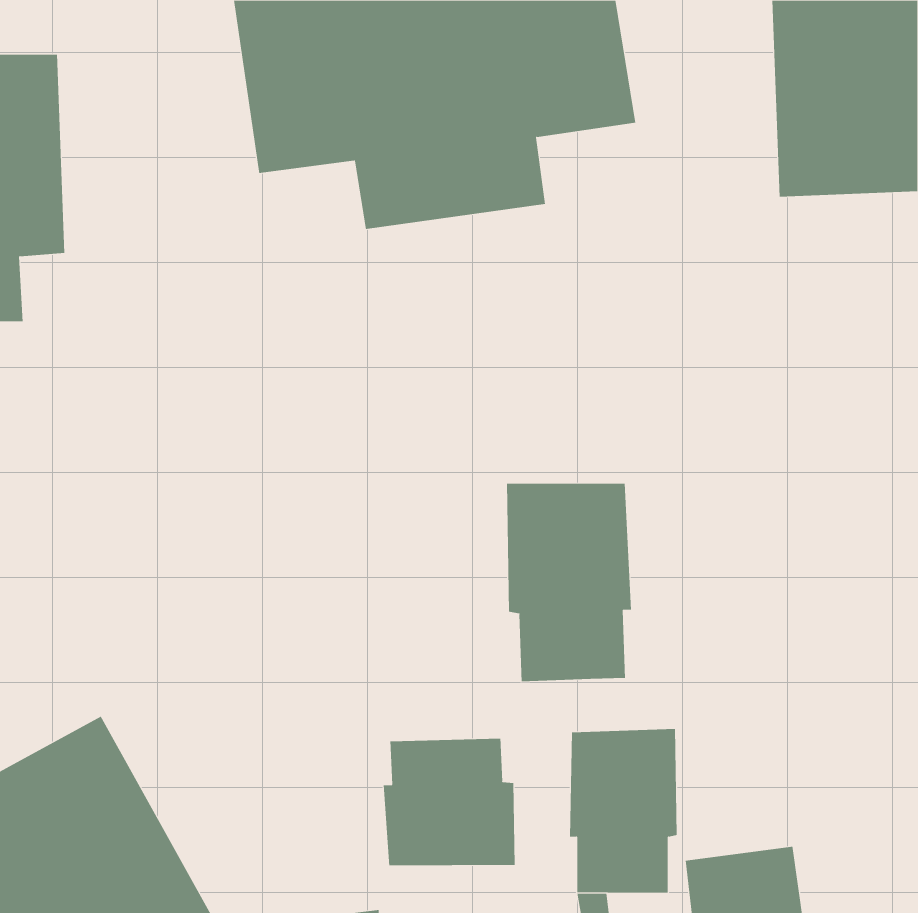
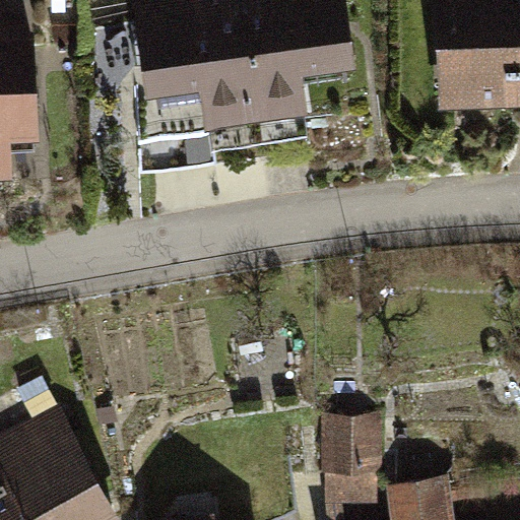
building: [506,483,631,682] -> none
building: [383,738,515,866] -> none

